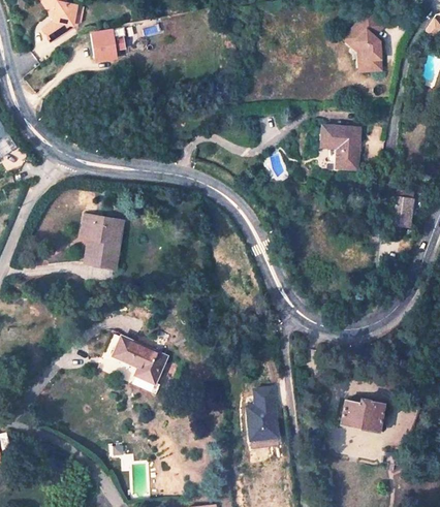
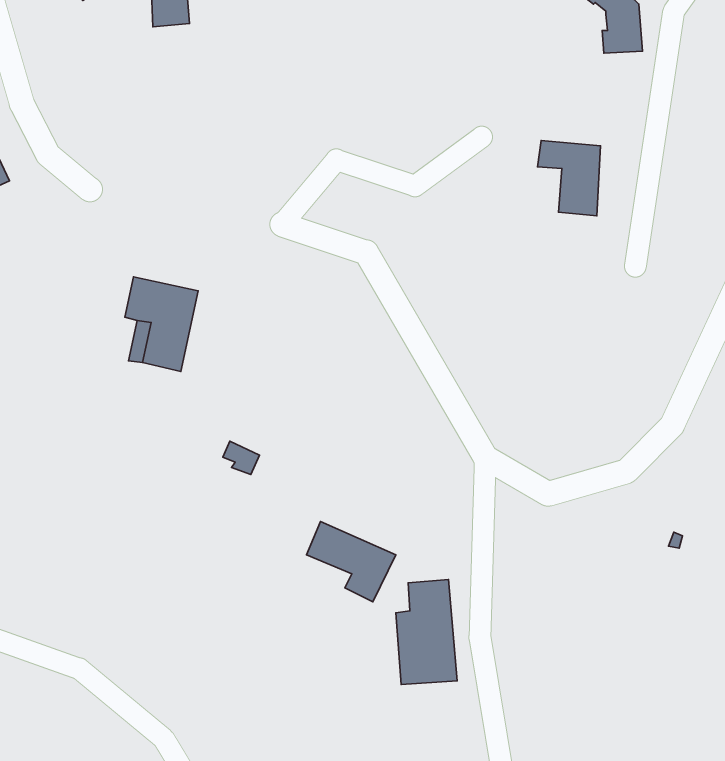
building: [390,198,412,223] -> none
building: [111,334,163,381] -> [307,521,396,602]
building: [340,395,384,431] -> none

